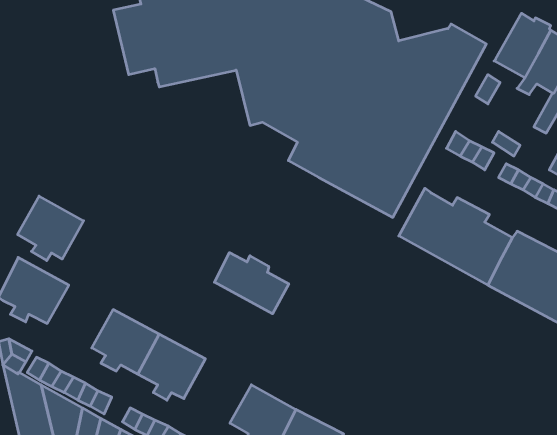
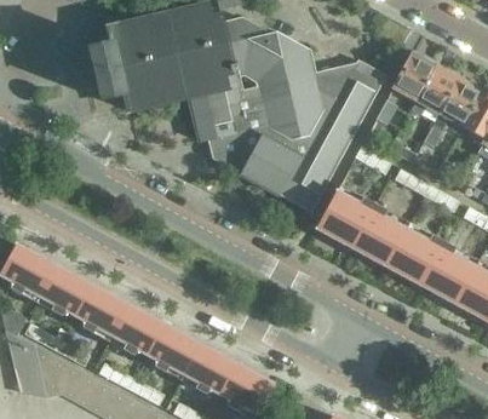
building: [18,196,84,261] -> [39,265,91,316]
building: [214,253,289,314] -> none
building: none -> [147,323,200,374]

